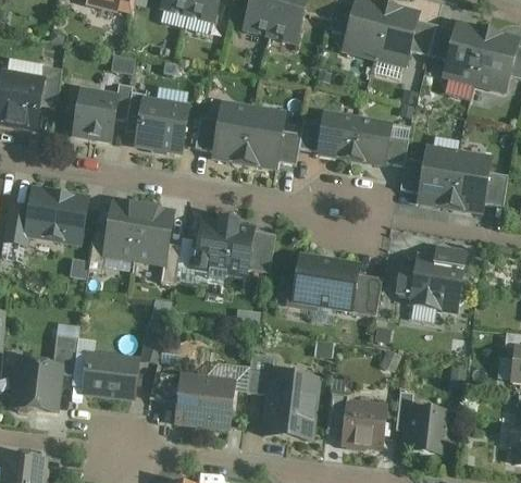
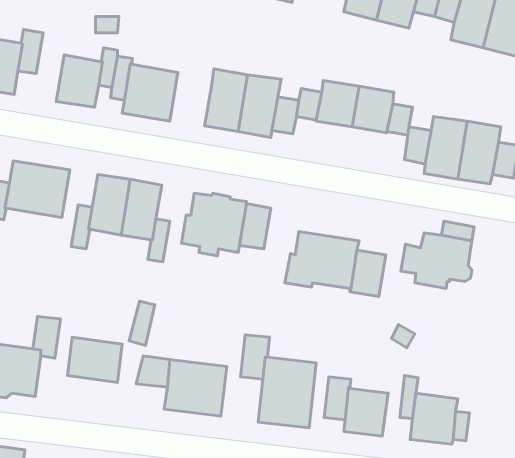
building: [195,116,220,150] -> none

